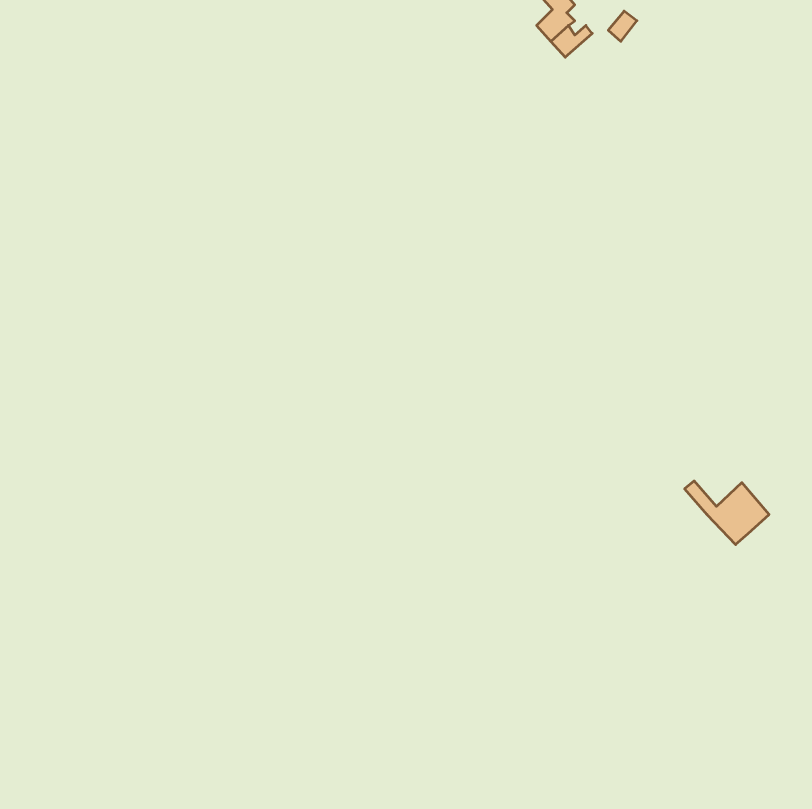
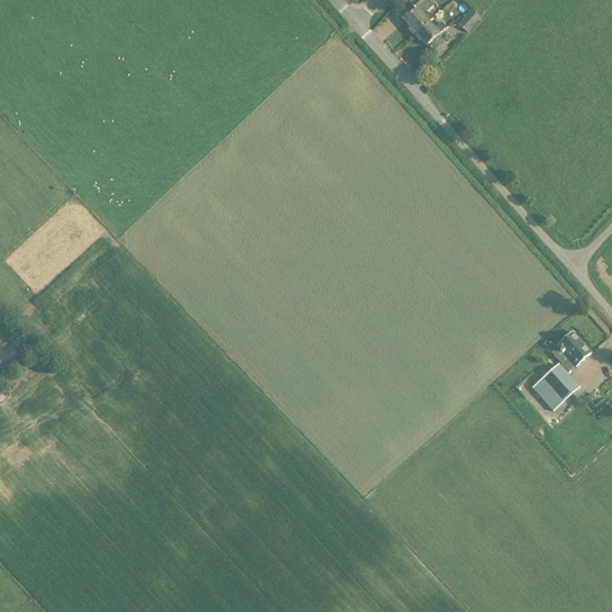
building: none -> [555,330,589,371]

